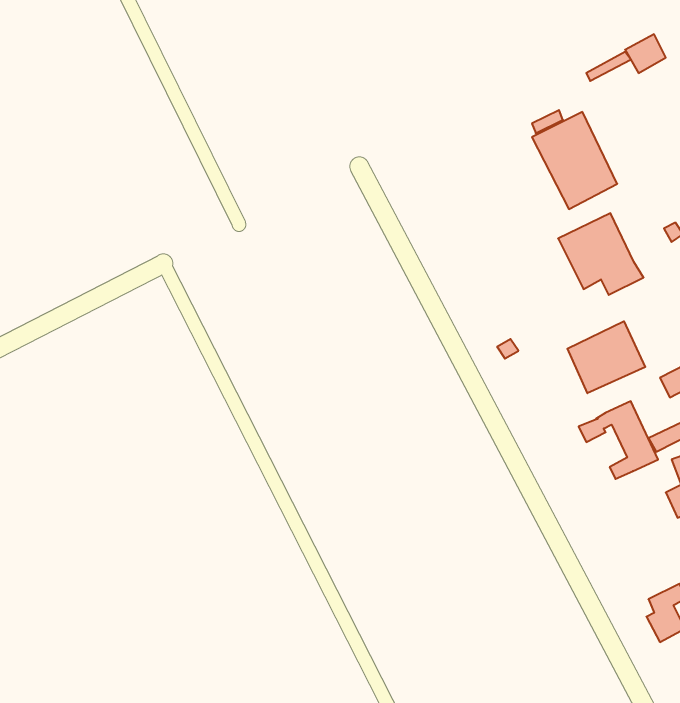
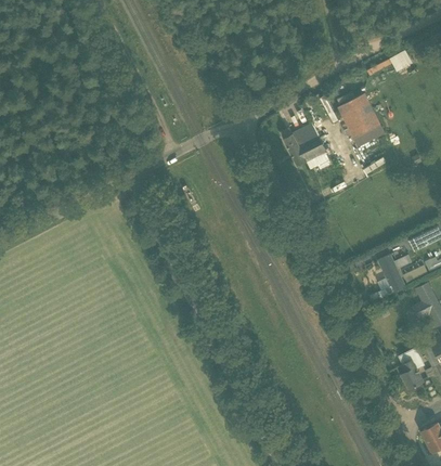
building: [558,213,644,295] -> [282,125,329,170]
building: [567,321,645,393] -> none

